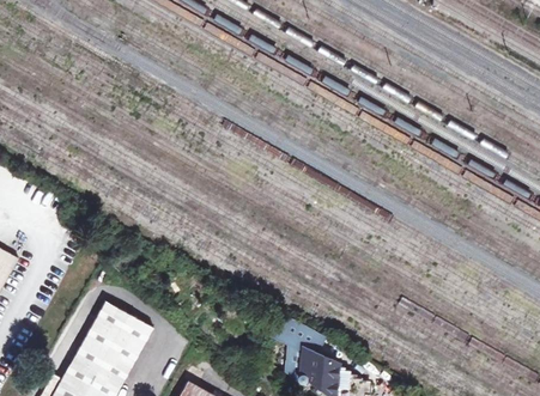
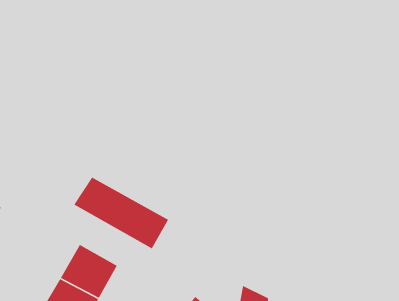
building: none -> [73,177,169,249]

